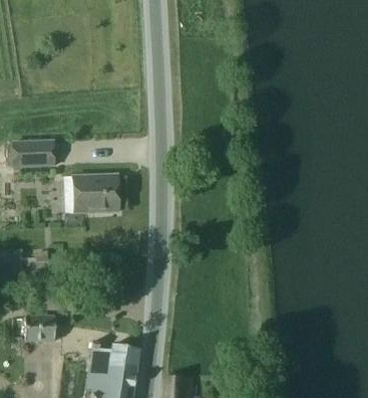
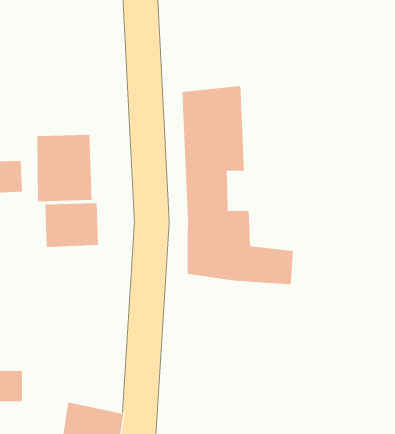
building: none -> [182,85,293,285]
building: none -> [37,134,92,202]

